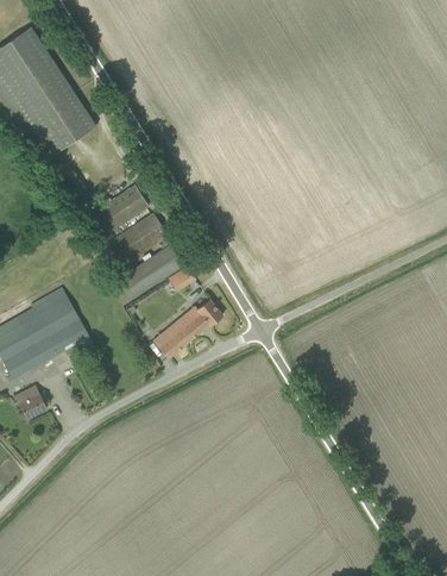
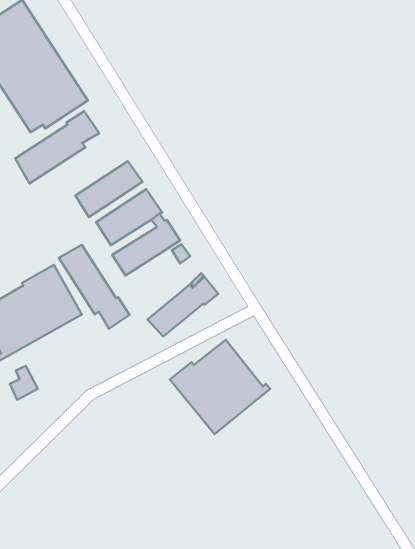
building: none -> [15,111,99,183]
building: none -> [59,245,130,329]
building: none -> [170,340,270,434]

